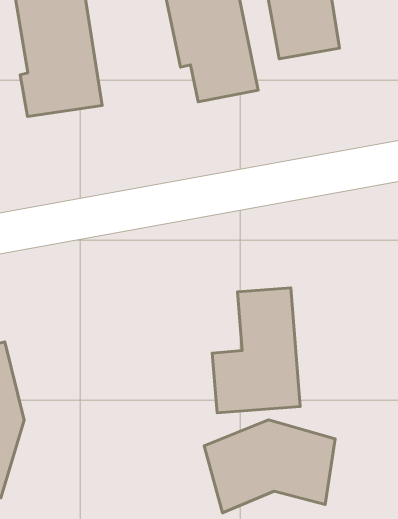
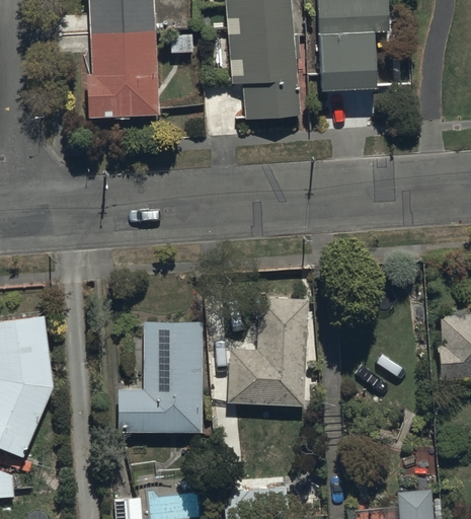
building: none -> [117,320,204,433]
building: [204,420,335,513] -> none

